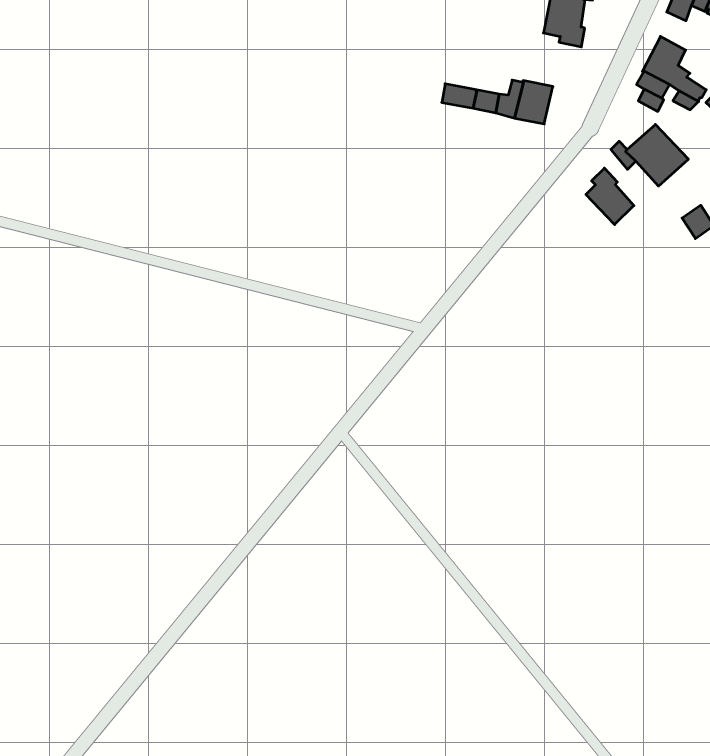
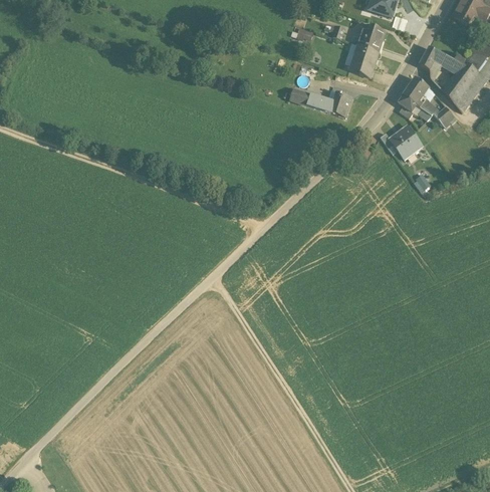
building: [586,168,634,225] -> none

